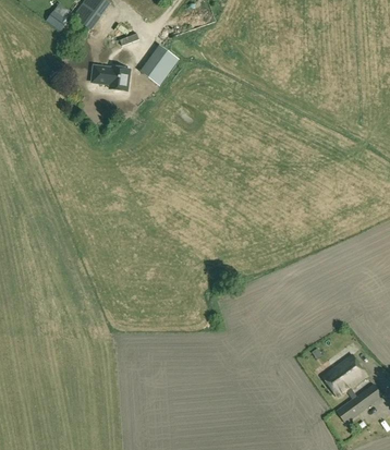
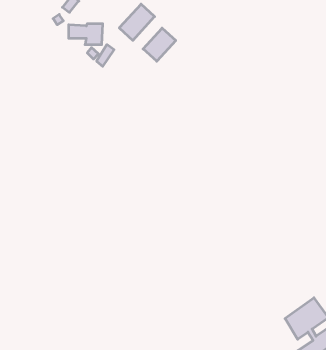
building: none -> [143,28,176,61]

